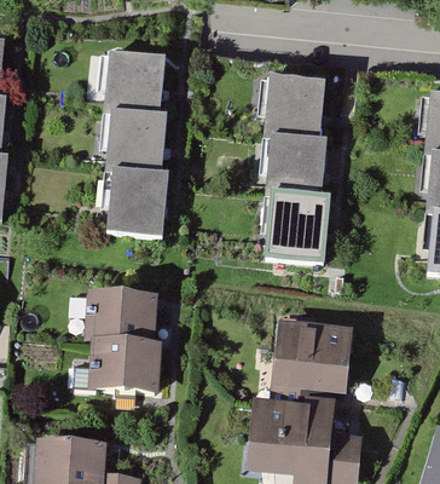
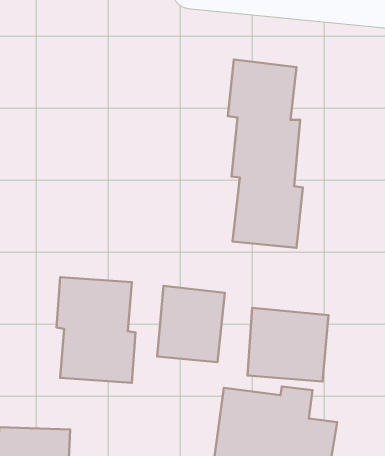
building: [99,51,172,236] -> none
building: none -> [157,286,225,362]

